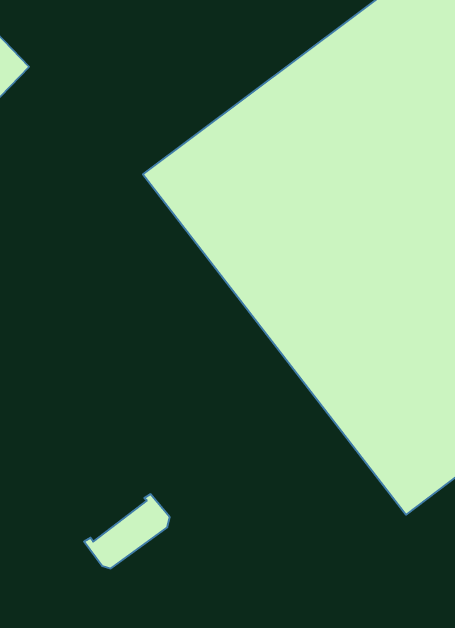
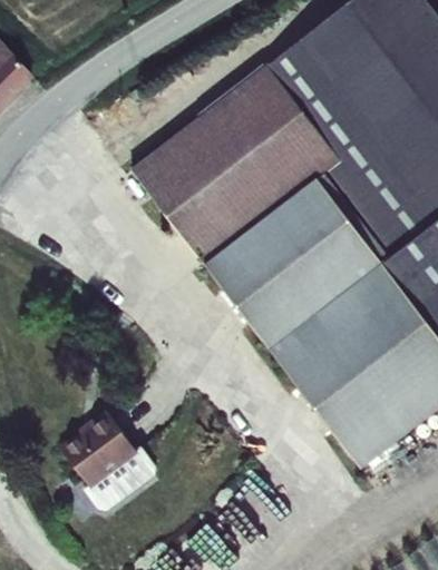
building: none -> [56,411,135,488]

